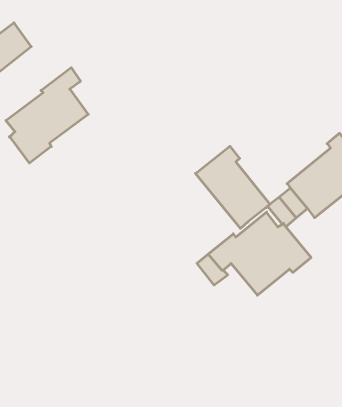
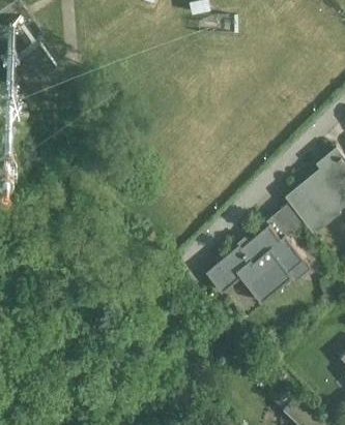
building: [6,68,88,163] -> none
building: [195,146,270,228] -> none

